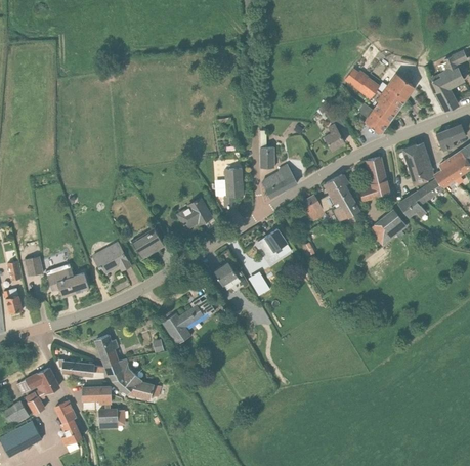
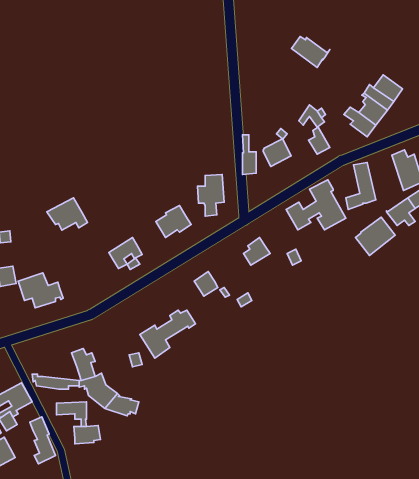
building: [345,70,382,99] -> [292,37,330,68]
building: [262,171,289,198] -> [263,139,291,166]
building: [91,242,130,272] -> [47,198,87,230]

